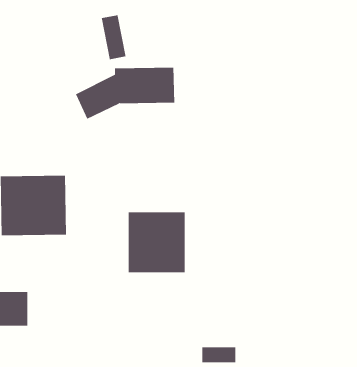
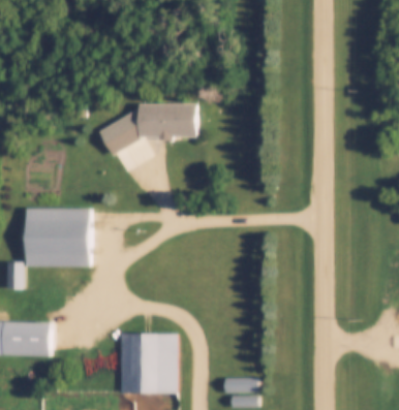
building: [101,14,126,60] -> none
building: [128,212,186,273] -> [118,333,175,392]

